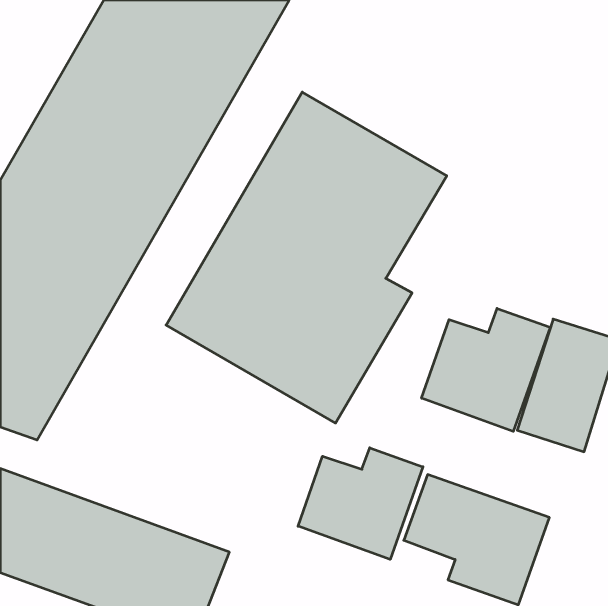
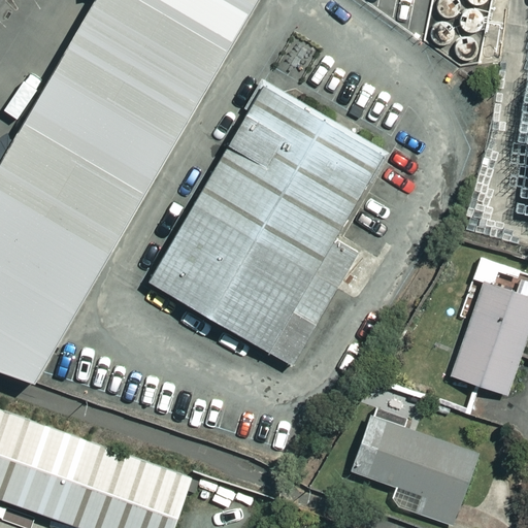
building: [422,308,550,431] -> none
building: [298,448,423,559] -> none

